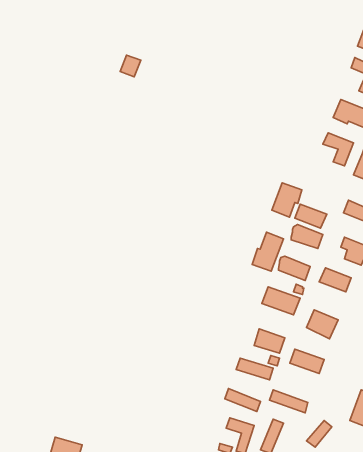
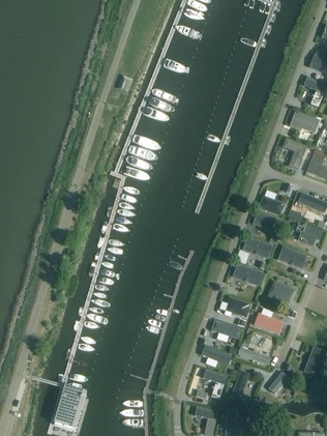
building: [272,183,302,217] -> none
building: [252,232,283,271] -> none

